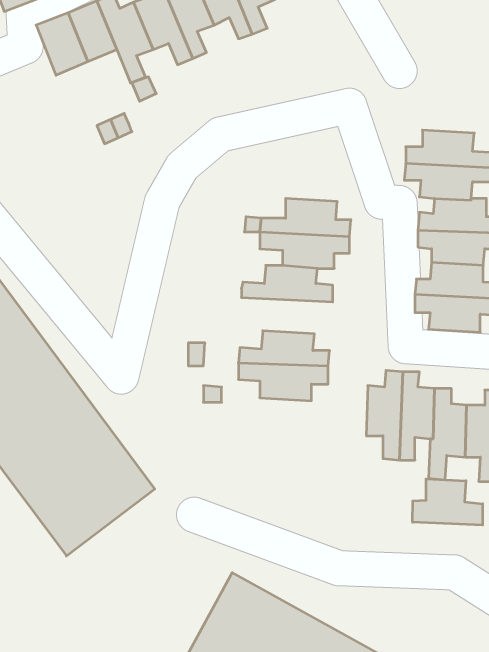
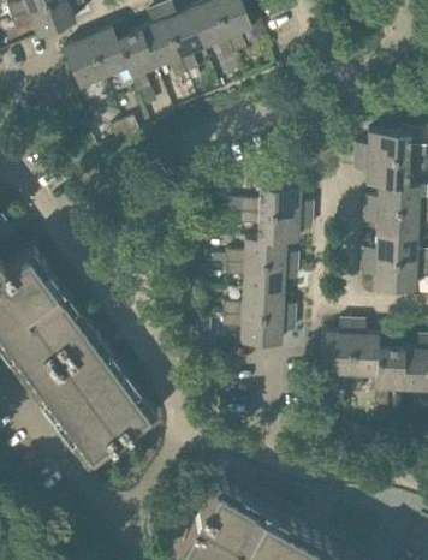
building: none -> [225,262,297,291]
building: [413,479,483,525] -> none

